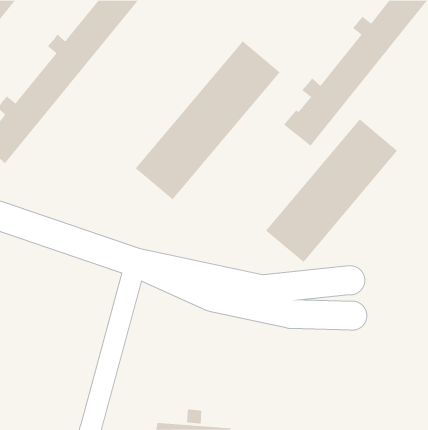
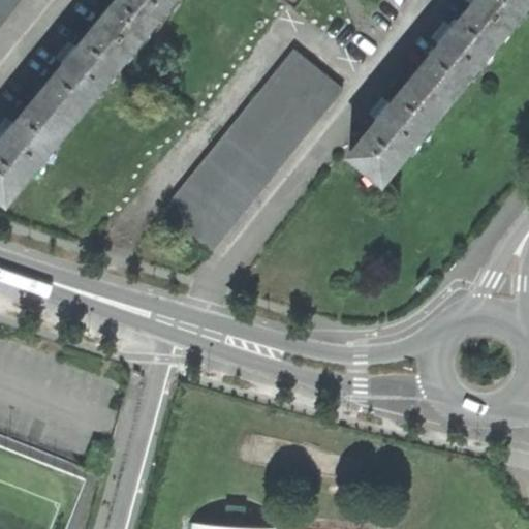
building: [265,119,398,263] -> none

